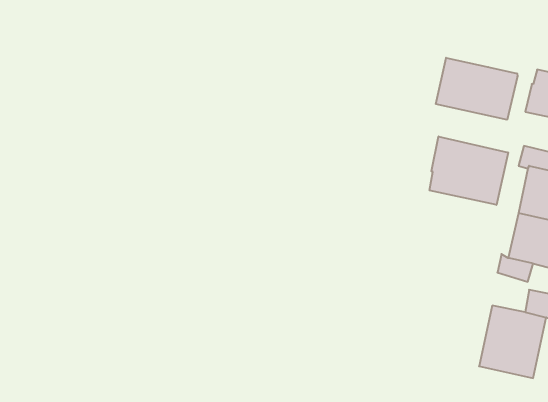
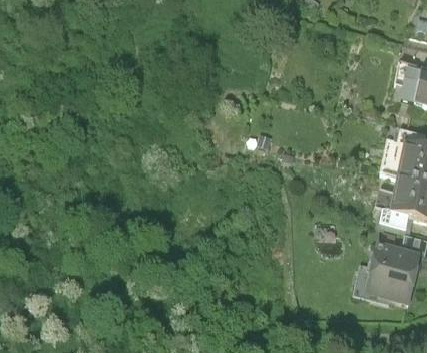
building: [436,58,517,120] -> none
building: [430,136,508,205] -> none

